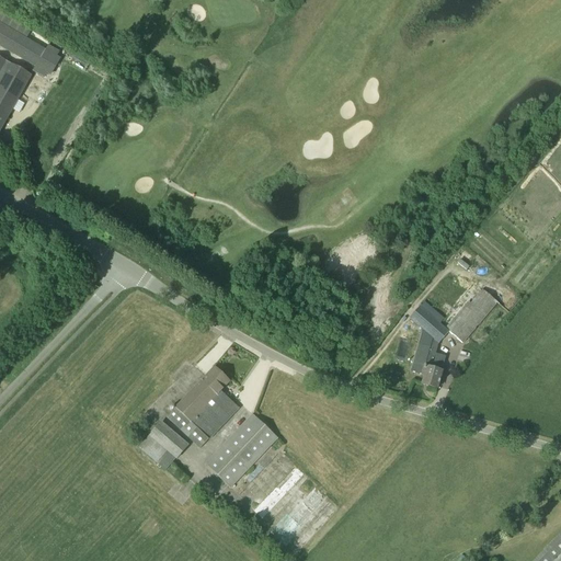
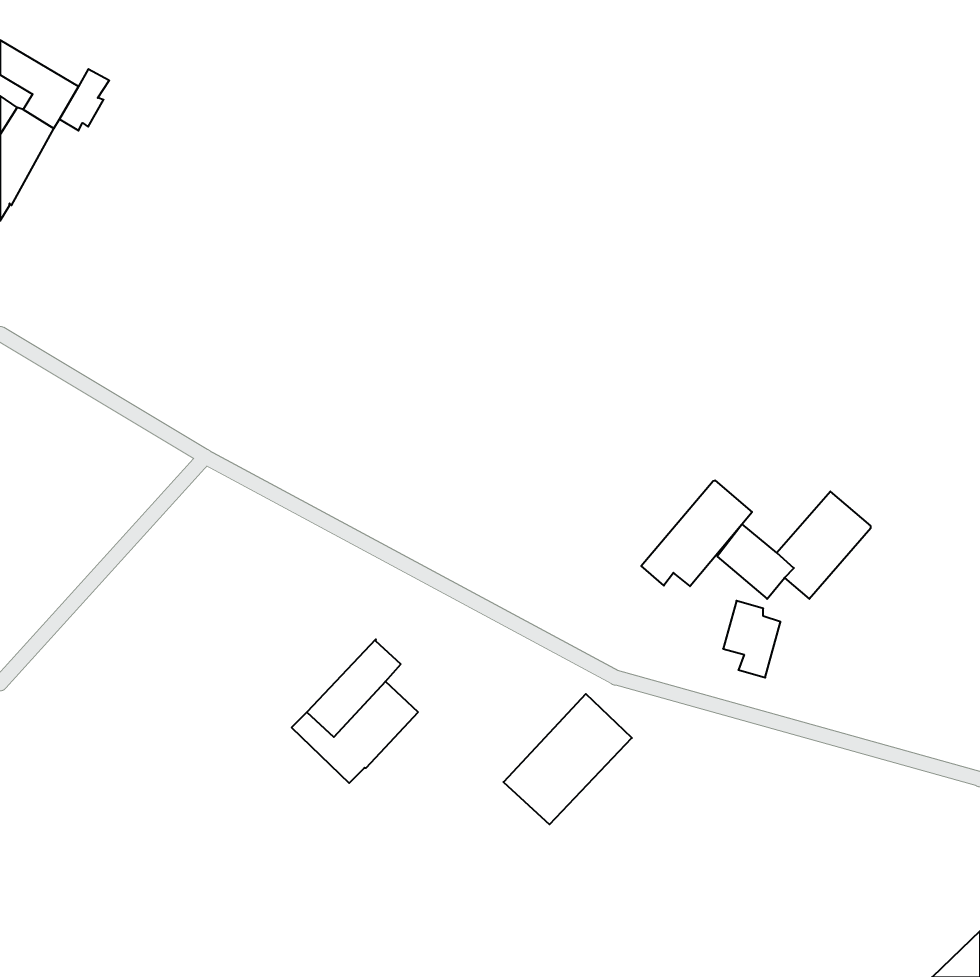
building: none -> [641,480,752,586]
building: [205,412,278,486] -> [503,694,632,824]
building: [139,420,188,469] -> none

